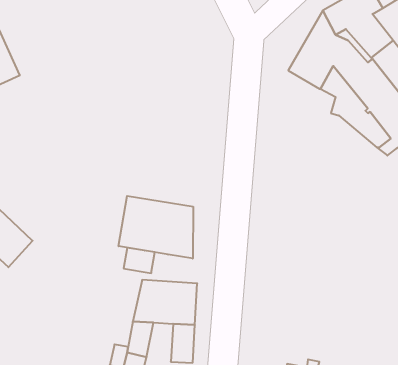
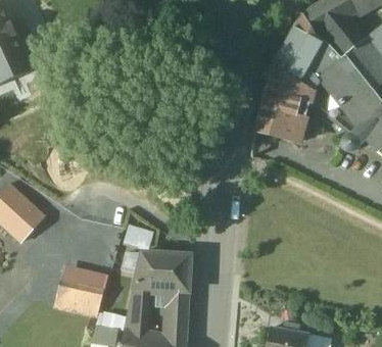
building: none -> [254,66,314,142]
building: [119,196,193,259] -> none
building: none -> [58,262,111,316]

